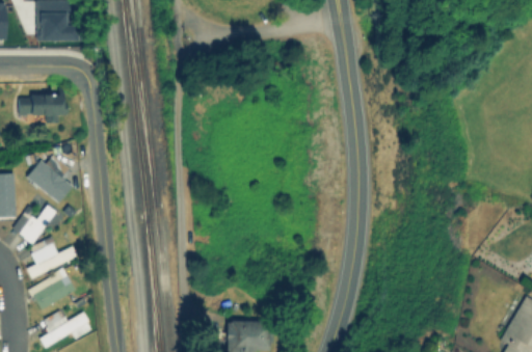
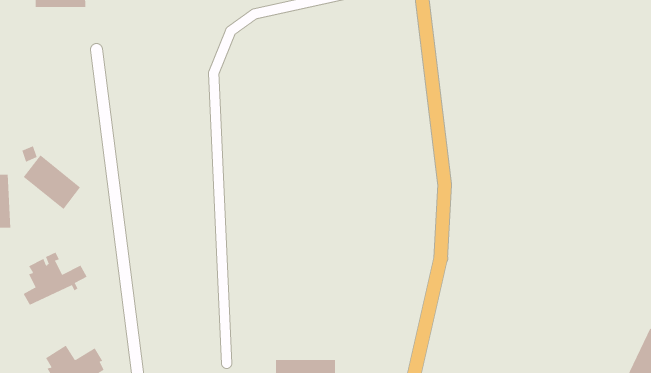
building: [19,87,69,121] -> none
building: [24,204,57,243] -> none
building: [34,266,77,308] -> none

